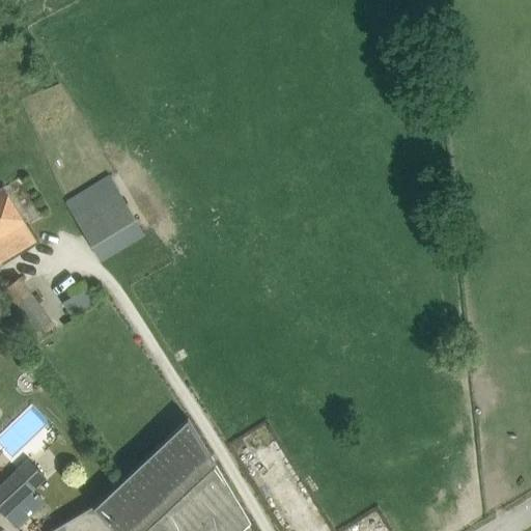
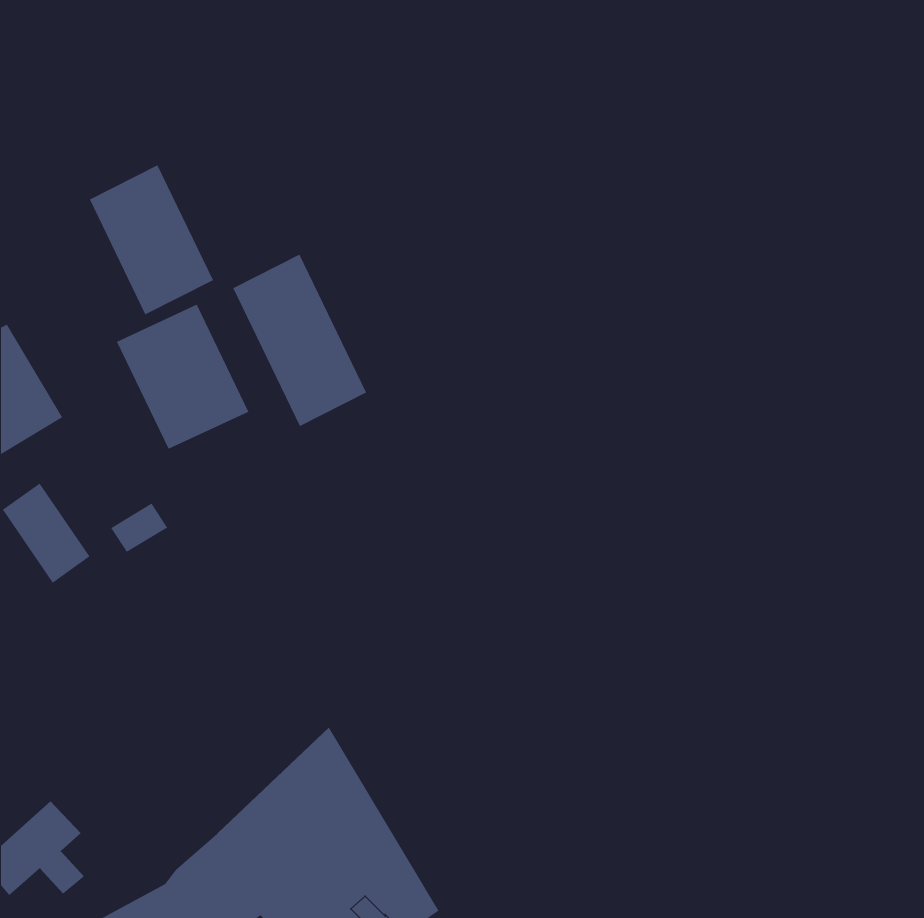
building: none -> [89,164,214,315]
building: none -> [232,253,367,427]

